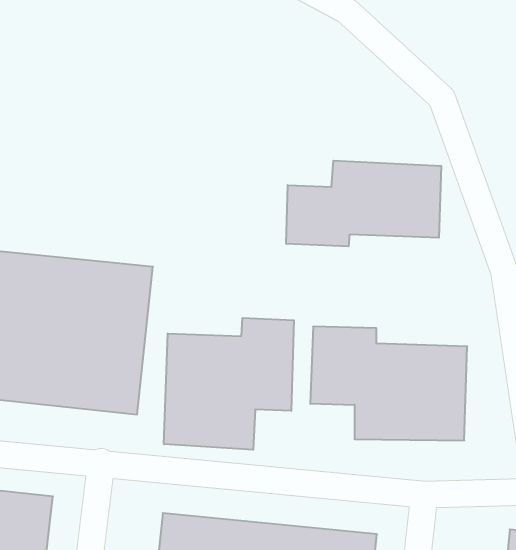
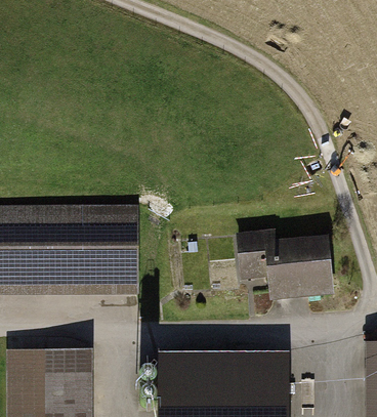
building: [286,161,441,246] -> none
building: [164,318,294,450] -> none

